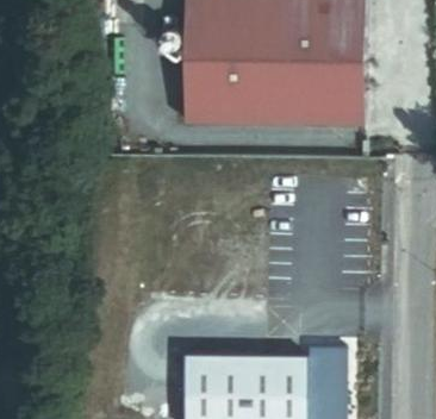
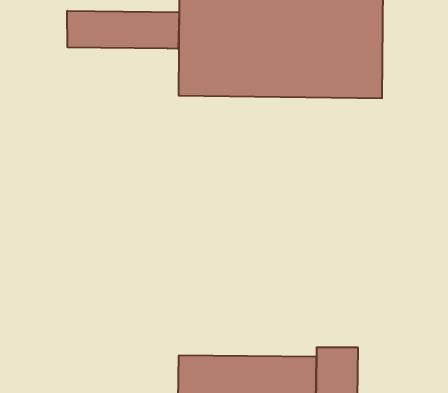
building: none -> [67,11,179,49]

